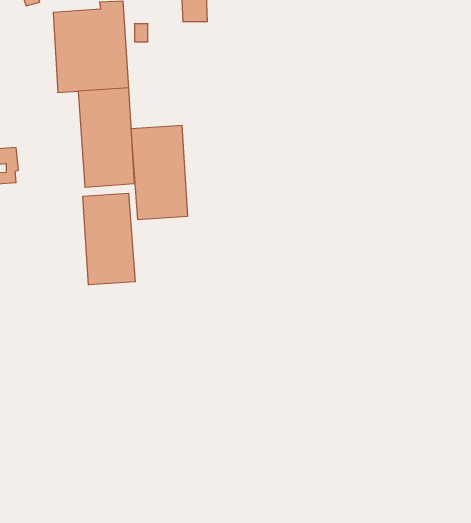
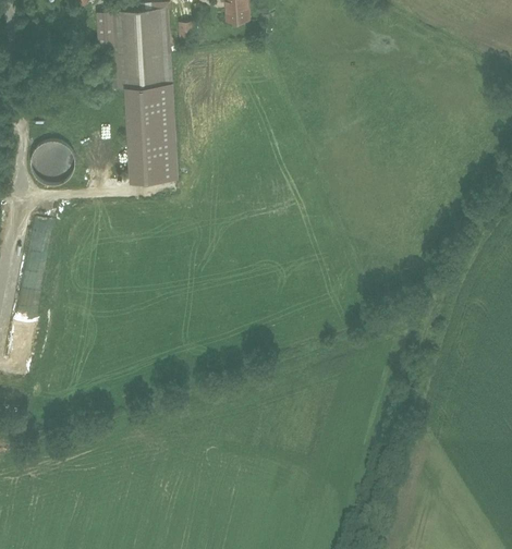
building: [131,125,188,220] -> none
building: [83,193,135,285] -> none

